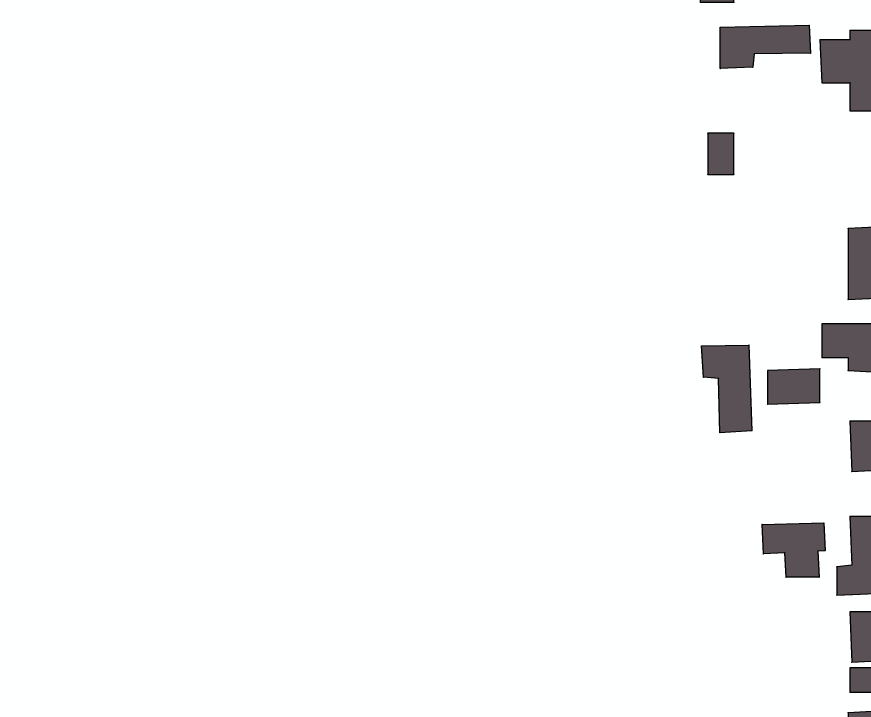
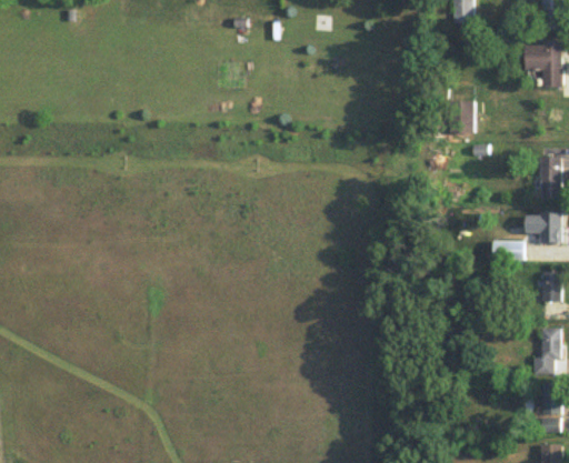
building: [720,25,811,69] -> none
building: [702,345,752,433] -> none
building: [762,523,825,577] -> none

